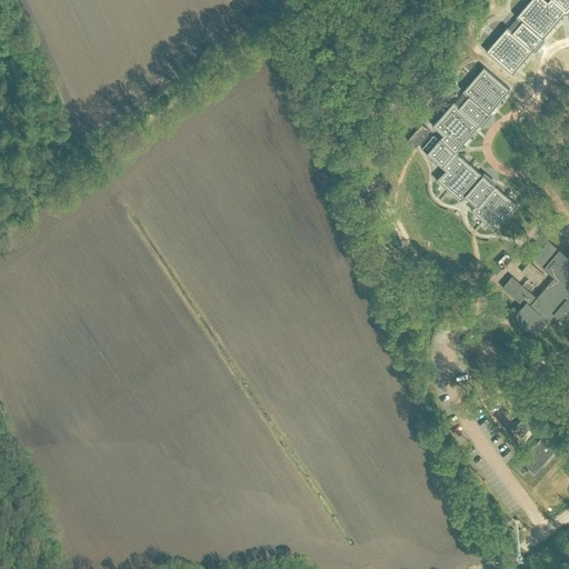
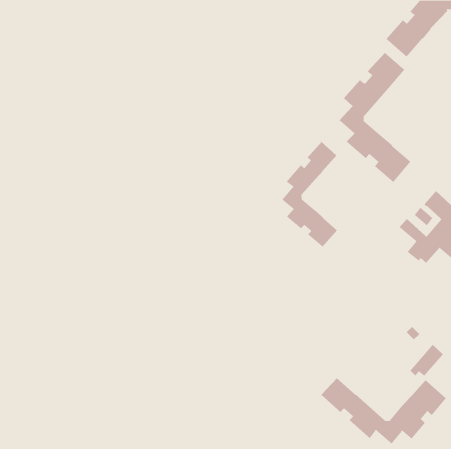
building: none -> [281,141,338,248]
building: none -> [320,377,446,445]

